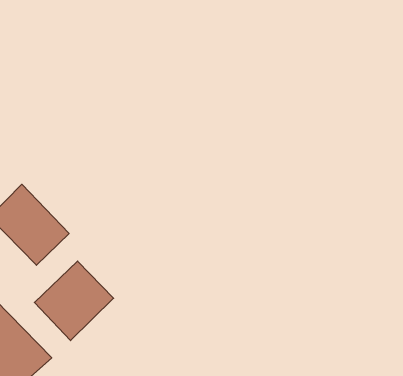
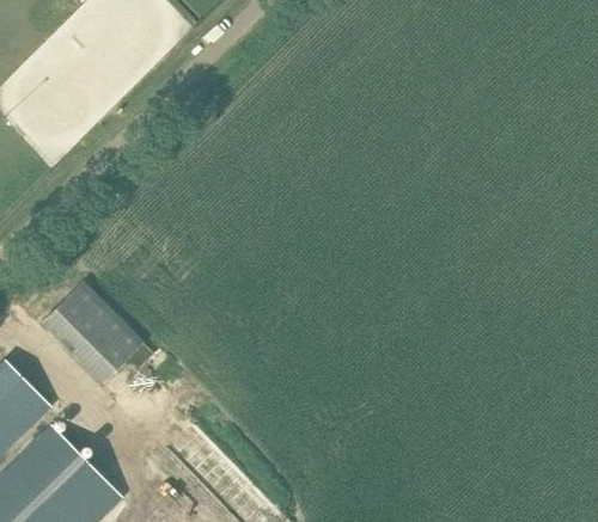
building: [34,261,114,341] -> none

